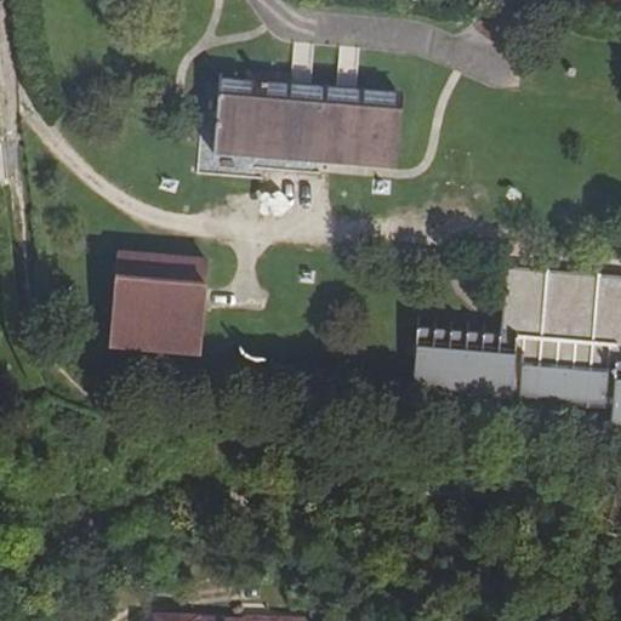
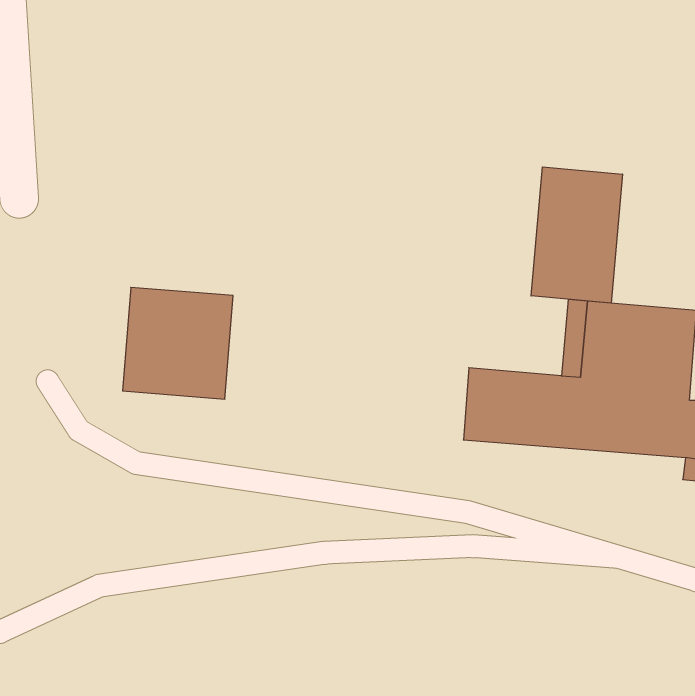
building: [217,73,400,167] -> none
building: none -> [531,167,622,303]

